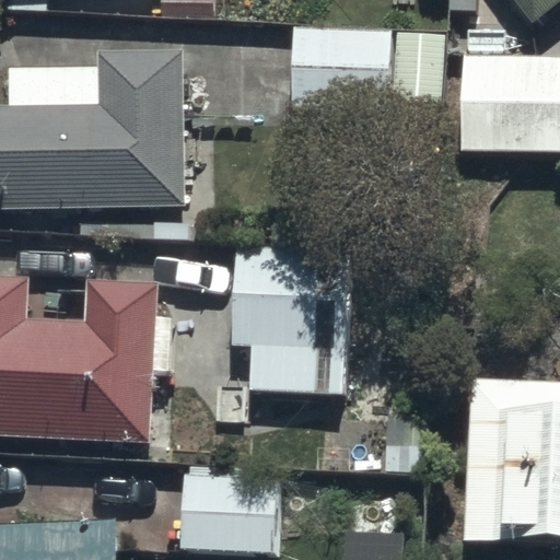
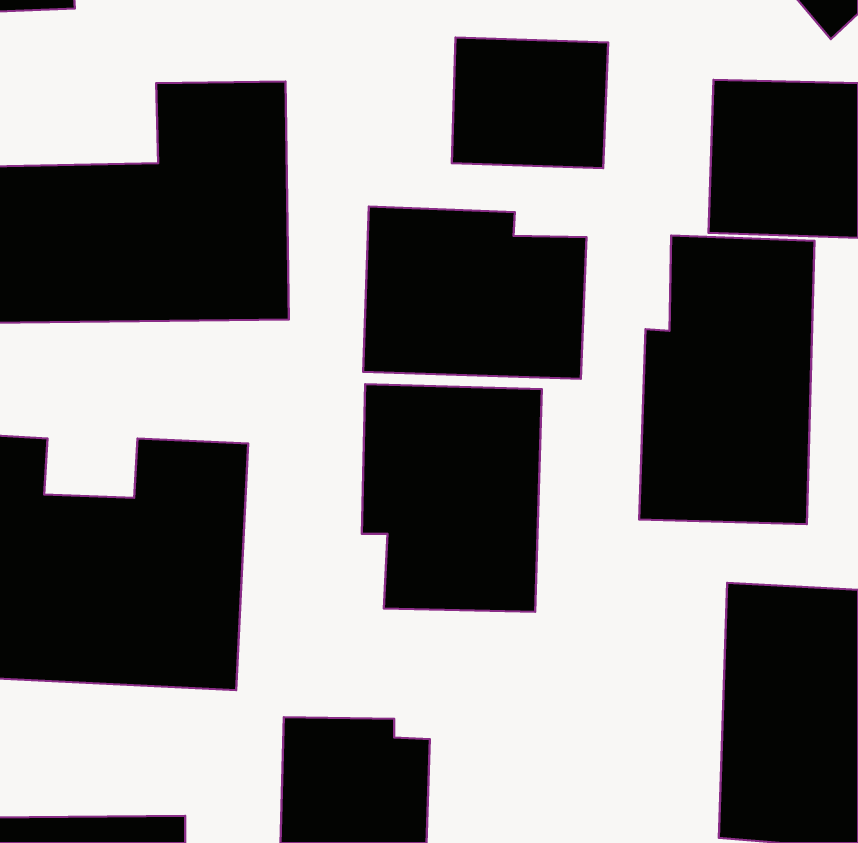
building: none -> [363,206,587,379]
building: none -> [639,235,815,524]

